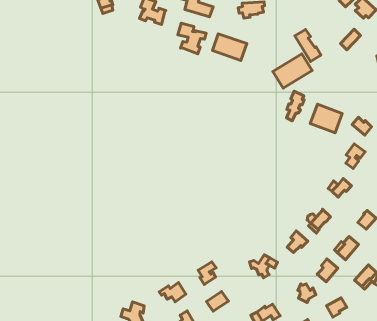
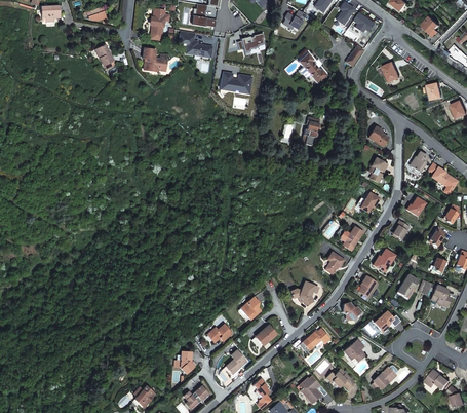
building: [178,23,206,54] -> none
building: [273,54,312,88] -> none
building: [310,104,342,133] -> none

